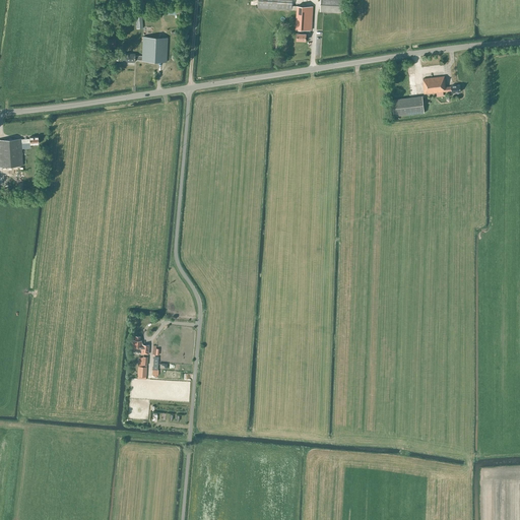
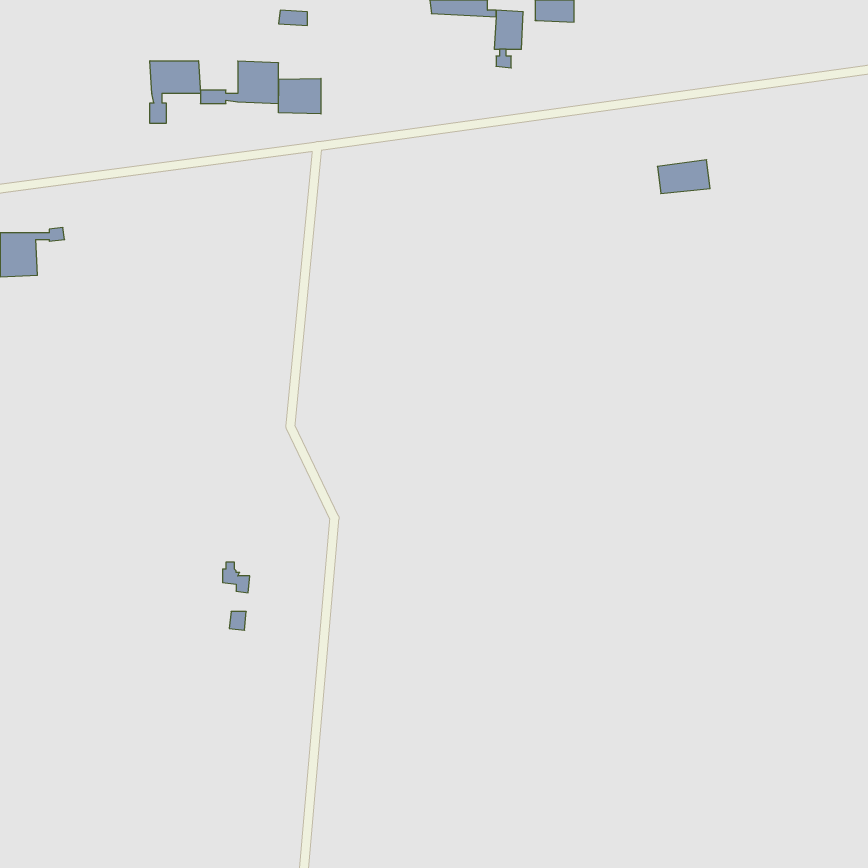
building: none -> [150,61,200,123]
building: none -> [279,78,321,114]
building: [424,76,461,96] -> none

